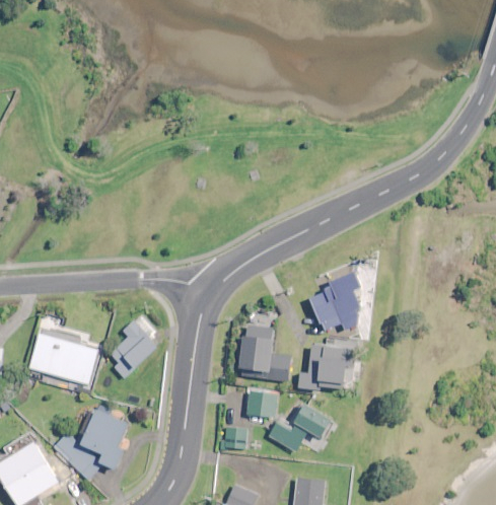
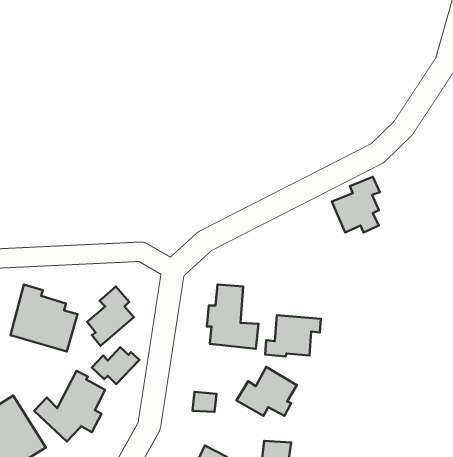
building: [310,272,361,331] -> [332,177,380,232]
building: none -> [92,347,139,384]
building: [243,389,277,419] -> none

